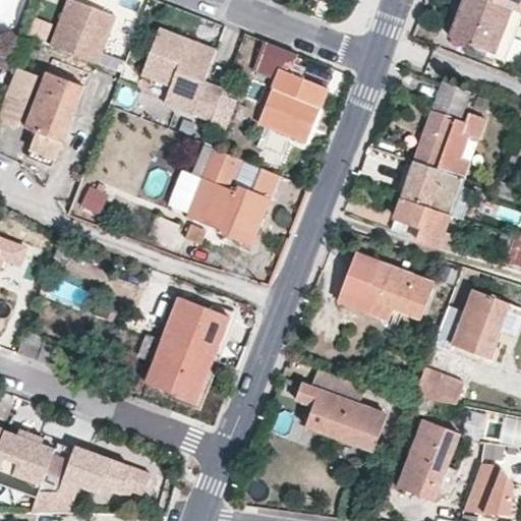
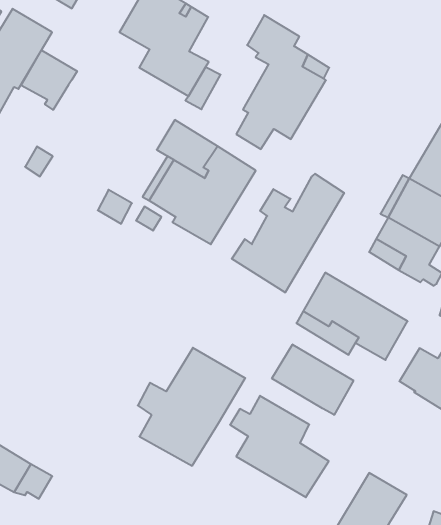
building: none -> [21,50,77,110]
building: none -> [232,174,344,293]
building: [139,298,228,400] -> [138,348,245,466]
building: none -> [272,344,353,415]
building: [412,368,462,405] -> none

